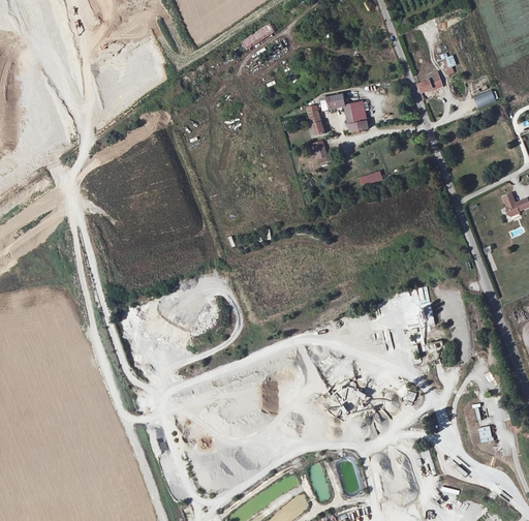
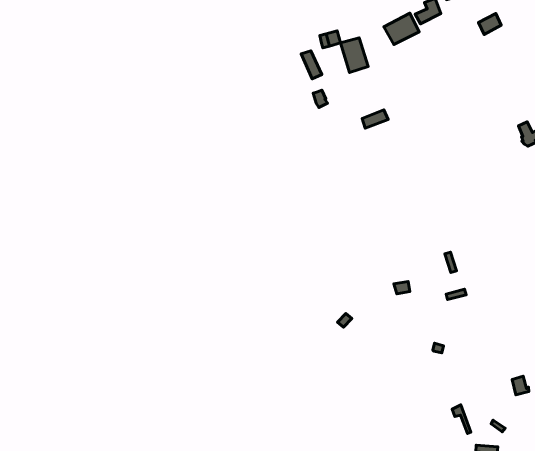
building: none -> [384,13,419,45]

